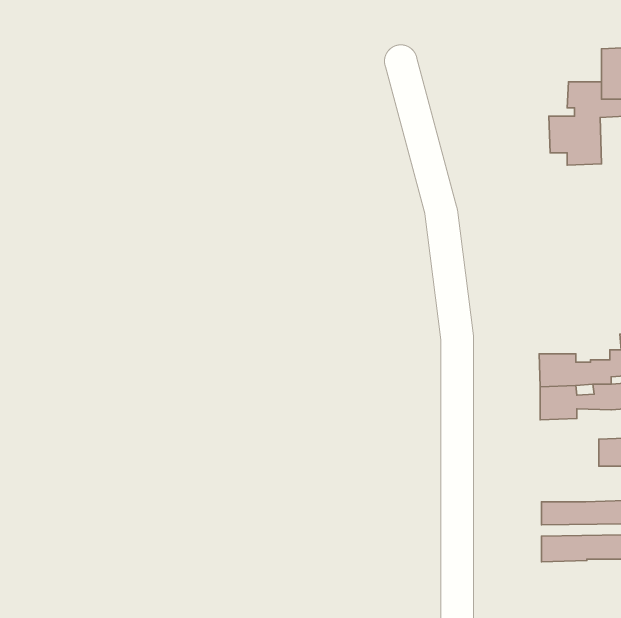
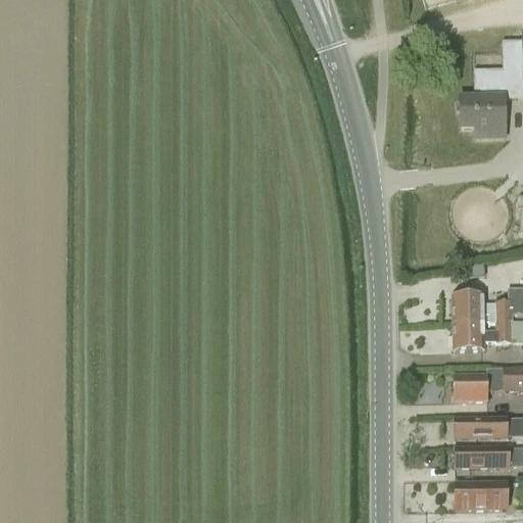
building: none -> [456,368,504,401]
building: none -> [457,483,507,511]

